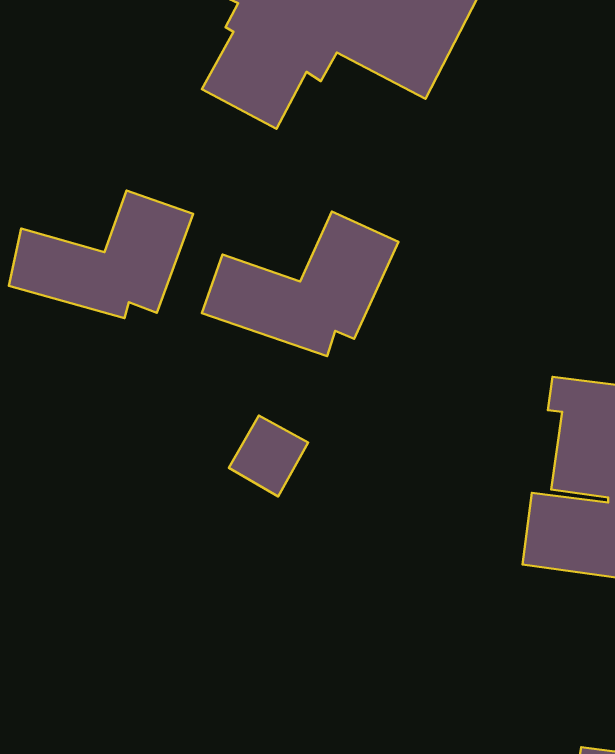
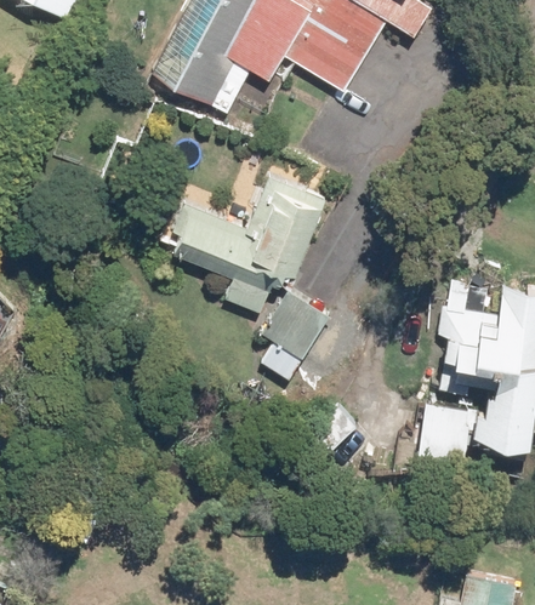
building: [9,190,193,318] -> none
building: [229,415,308,496] -> [262,298,323,360]

